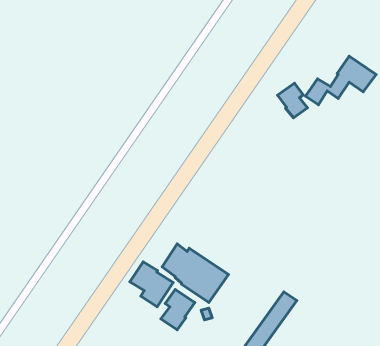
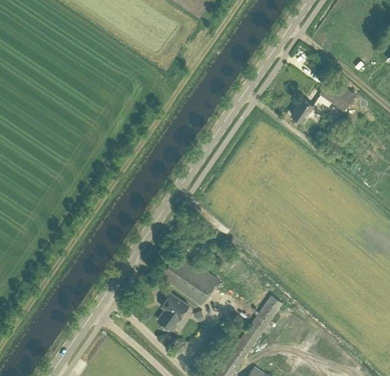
building: [278,83,307,118] -> none
building: [130,262,173,307] -> none

